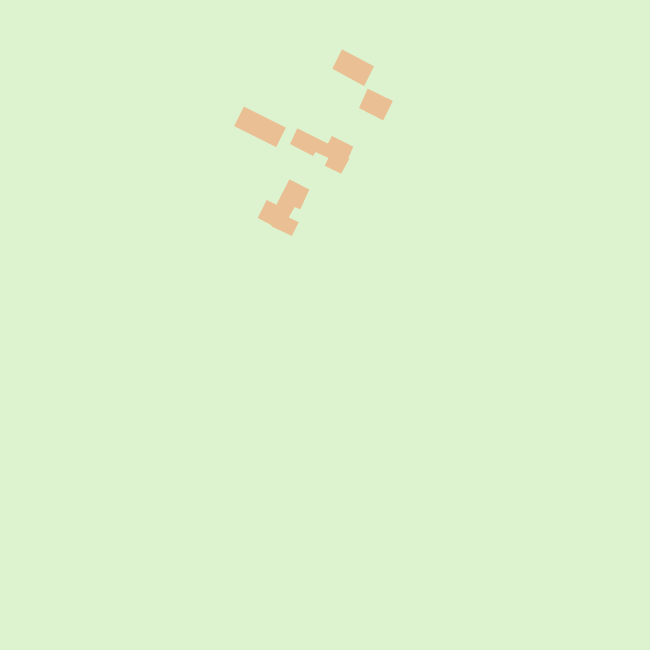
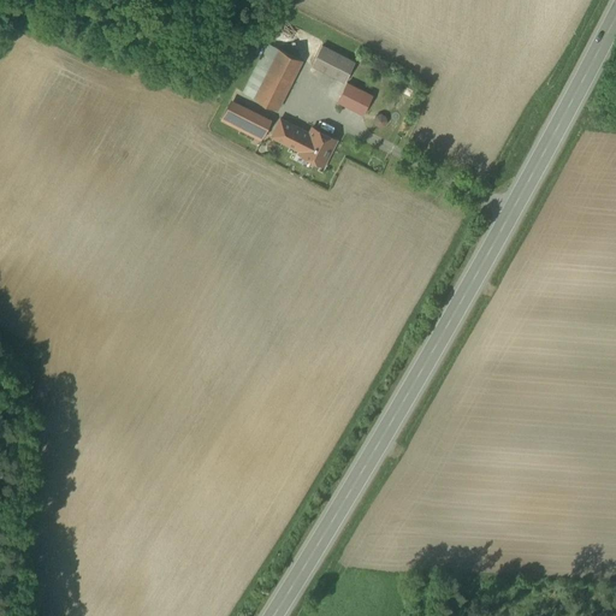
building: none -> [244,45,302,111]
building: [257,178,310,237] -> none

